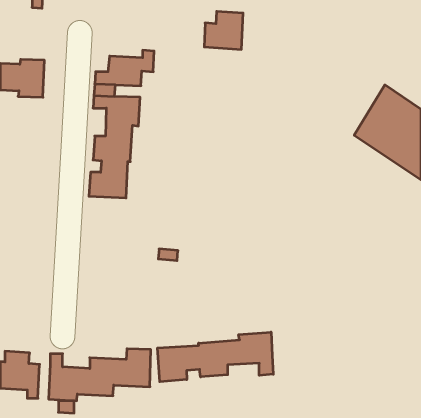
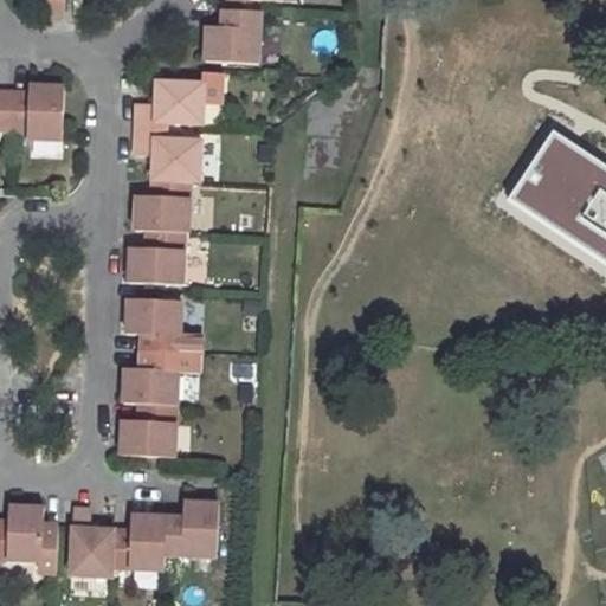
building: [204,11,243,49] -> [205,9,260,64]
building: none -> [118,298,200,456]
building: [158,332,273,382] -> none

